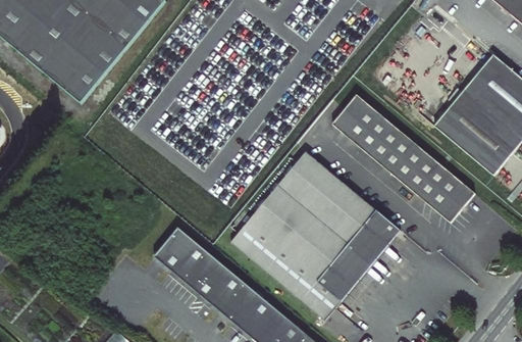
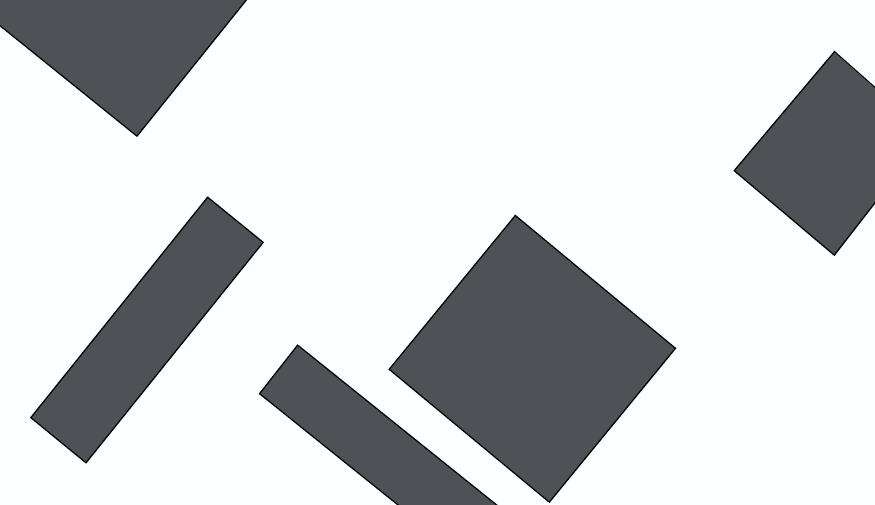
building: [332,93,475,221] -> none
building: none -> [31,197,263,463]

